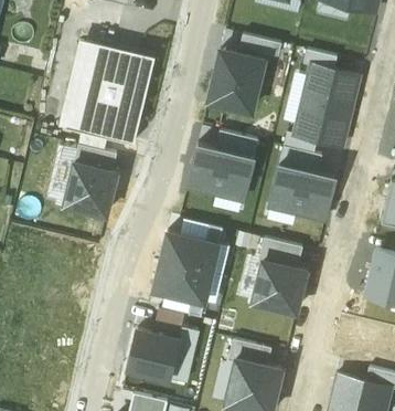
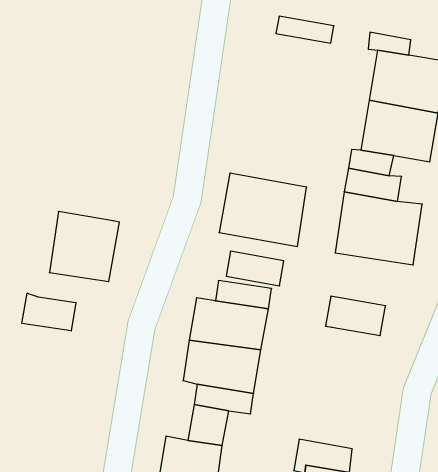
building: [66,41,153,144] -> none
building: [209,51,264,108] -> none
building: [215,131,257,159] -> [226,251,284,286]
building: [74,146,116,172] -> none
building: none -> [22,293,76,331]
building: [253,261,306,313] -> none

